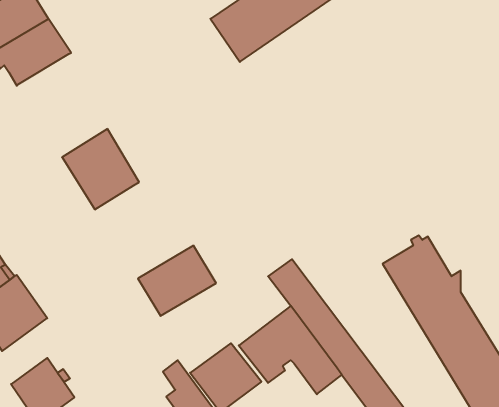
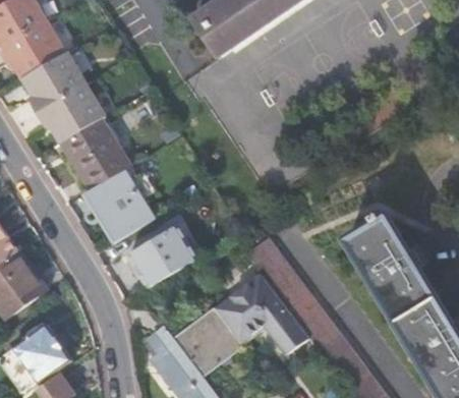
building: none -> [19,50,105,143]
building: none -> [83,168,152,240]

